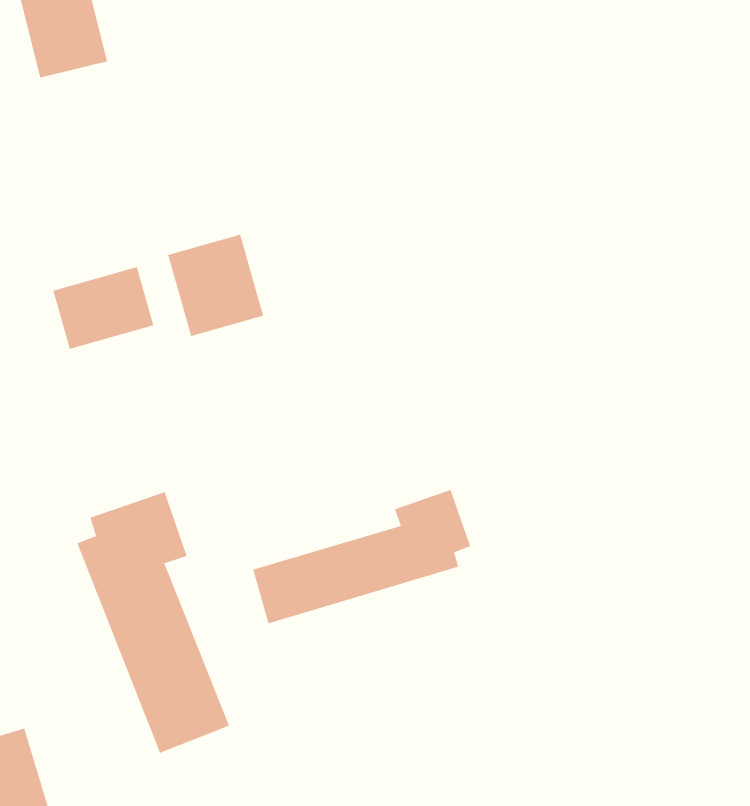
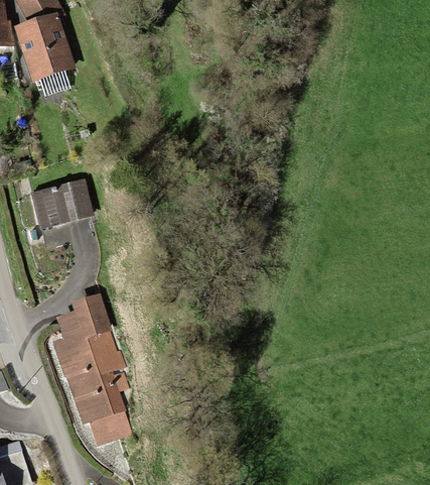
building: [168,234,264,337] -> none
building: [253,489,471,624] -> none

